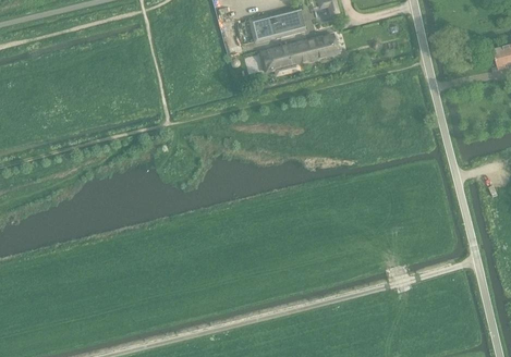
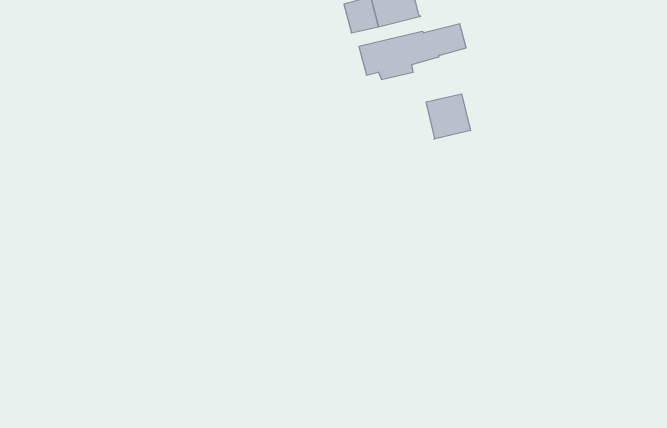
building: none -> [426,94,470,139]

